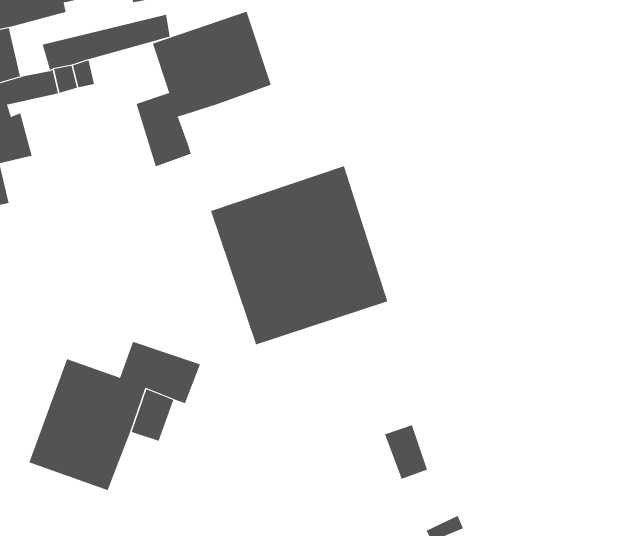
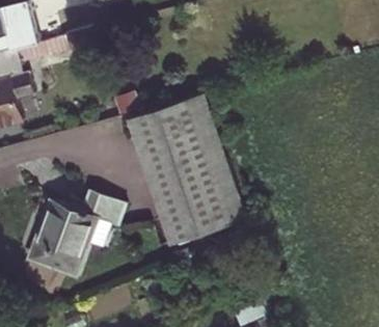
building: [136,11,271,167] -> none
building: none -> [154,171,244,246]

